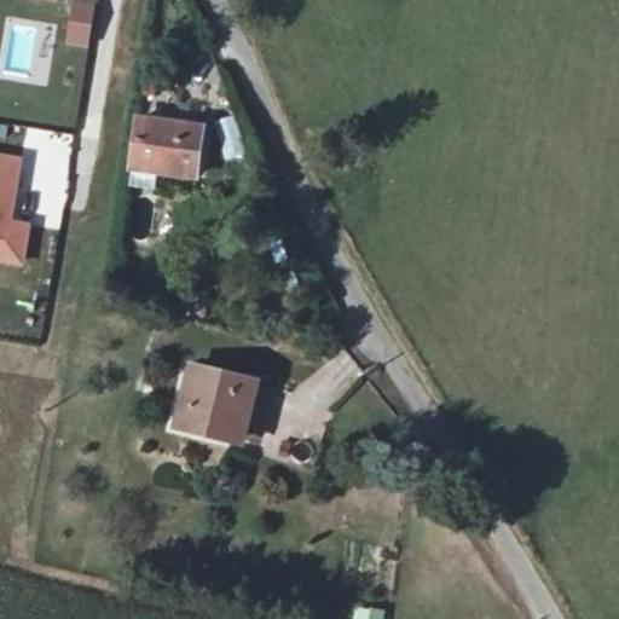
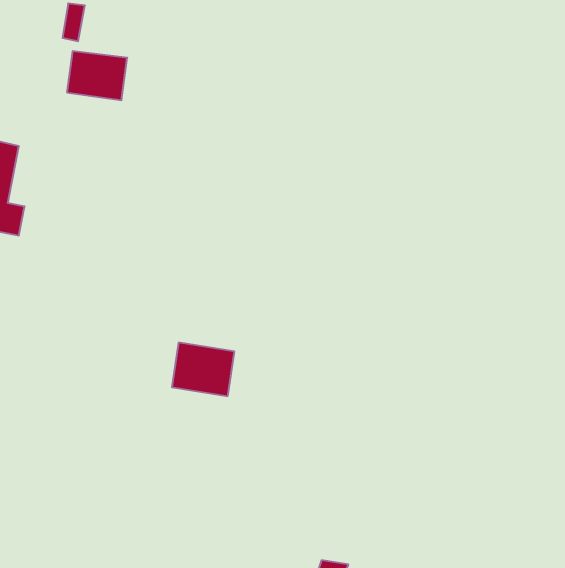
building: [138,120,203,173] -> [67,51,127,100]

